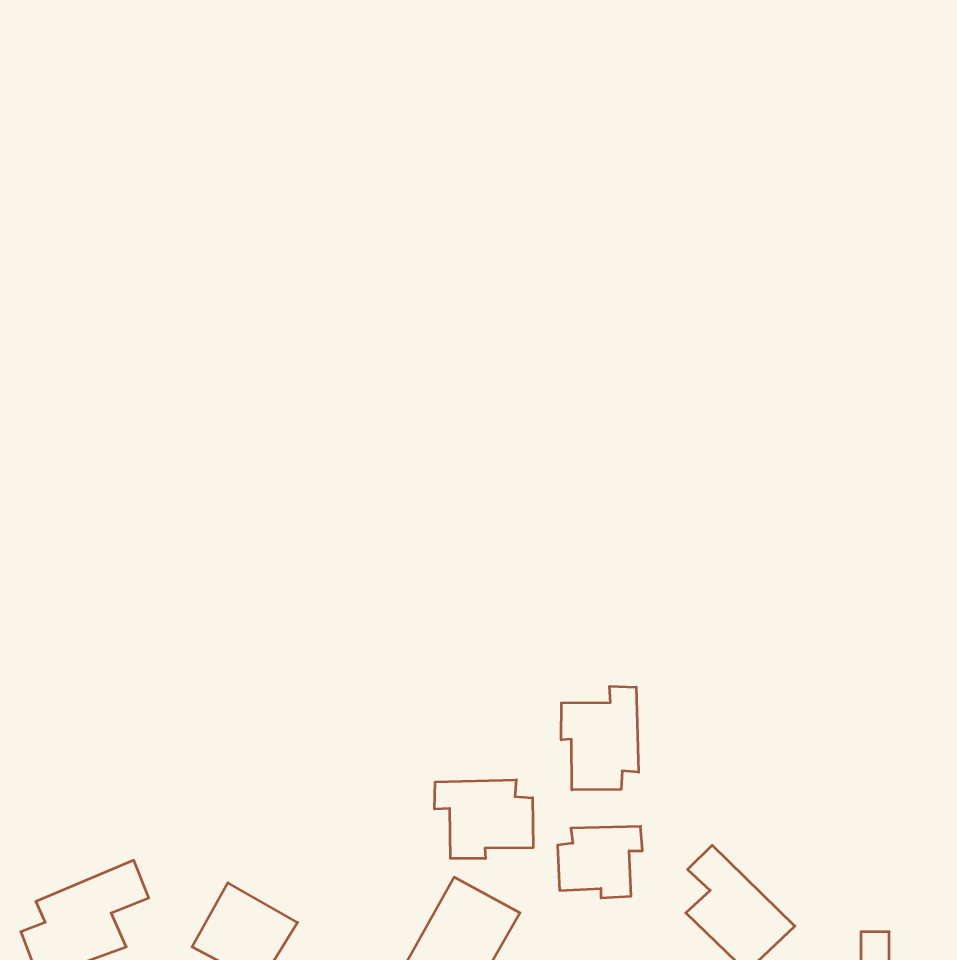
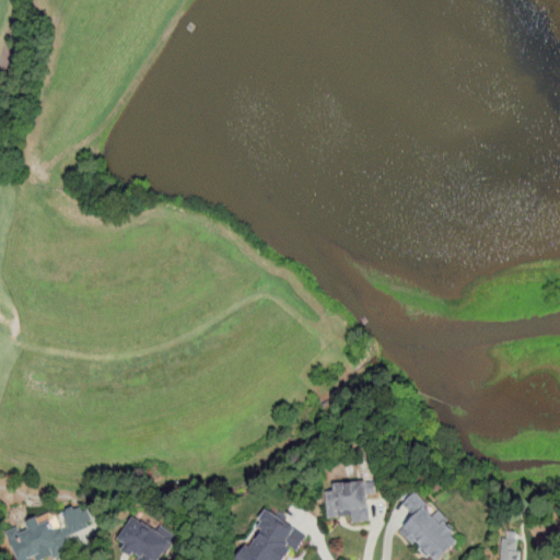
building: [561,686,639,790] -> none
building: [435,780,533,859] -> none

